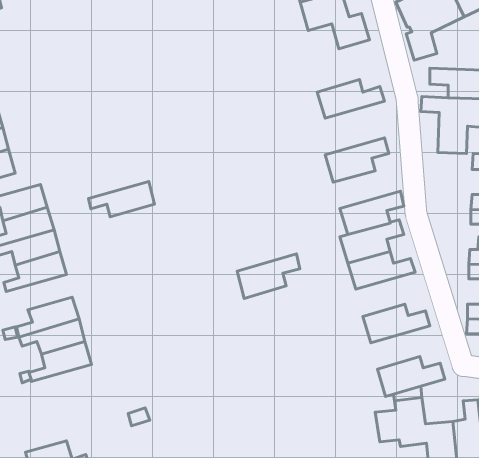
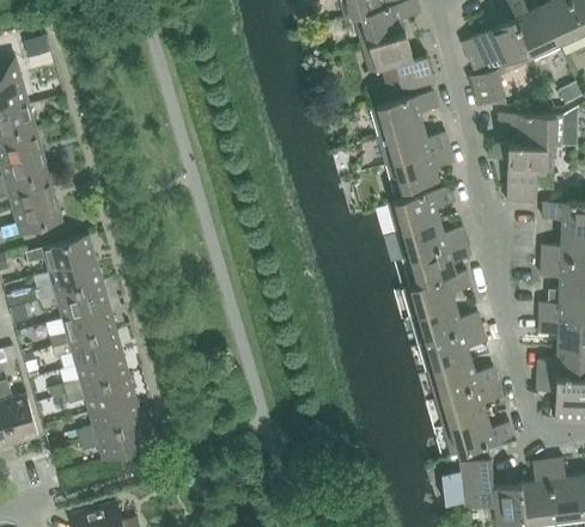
building: none -> [371,91,438,137]
building: none -> [388,147,453,194]
building: none -> [396,220,467,259]
building: [89,181,155,217] -> [53,329,122,366]
building: [237,254,300,298] -> [420,326,486,373]
building: none -> [435,382,501,428]
building: none -> [79,423,150,460]

